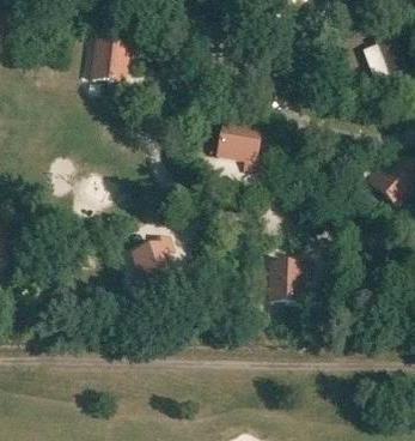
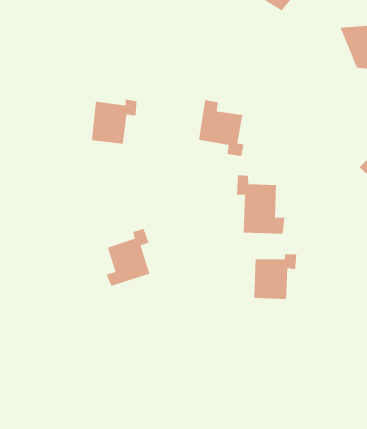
building: [93,36,136,79] -> [91,98,138,145]
building: none -> [236,175,285,234]

